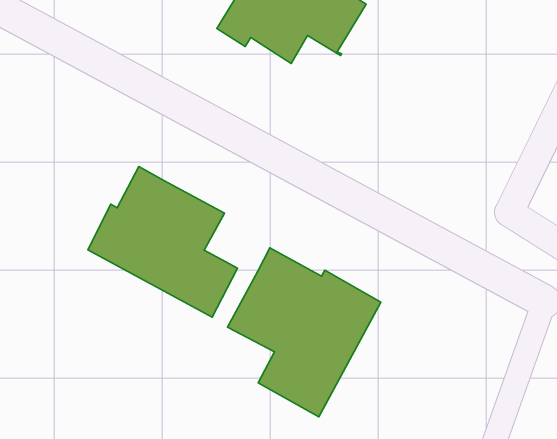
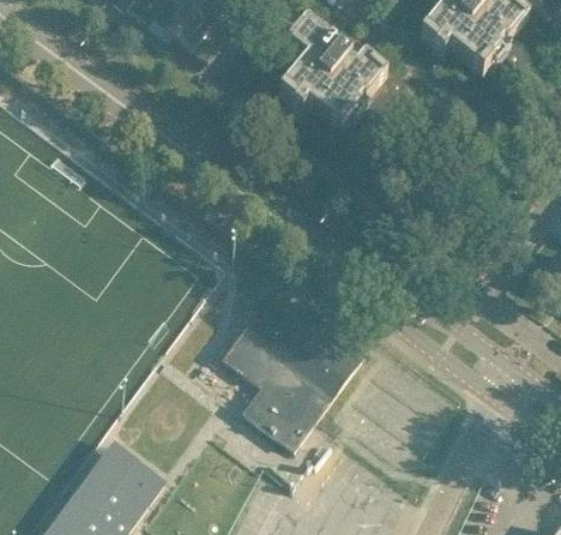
building: [88,166,237,317] -> none

